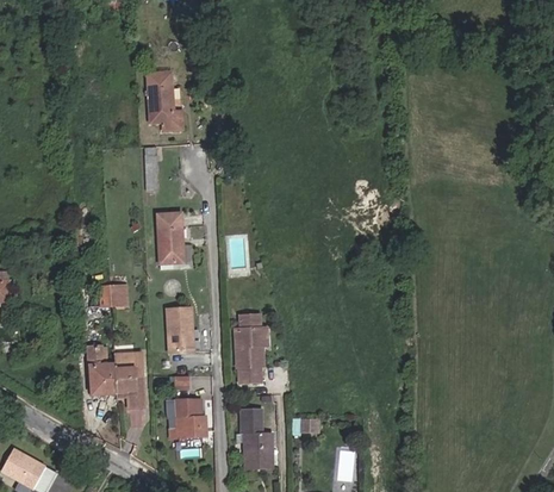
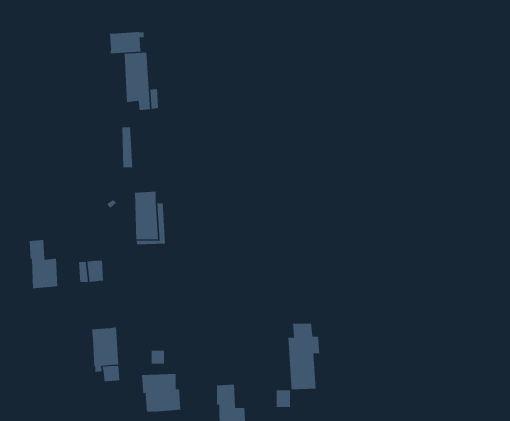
building: none -> [110,31,144,54]
building: [167,307,194,353] -> none
building: [235,314,268,382] -> [287,323,320,390]
building: [87,344,117,394] -> [29,240,58,289]

